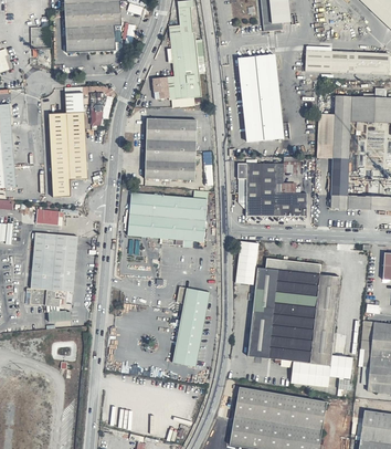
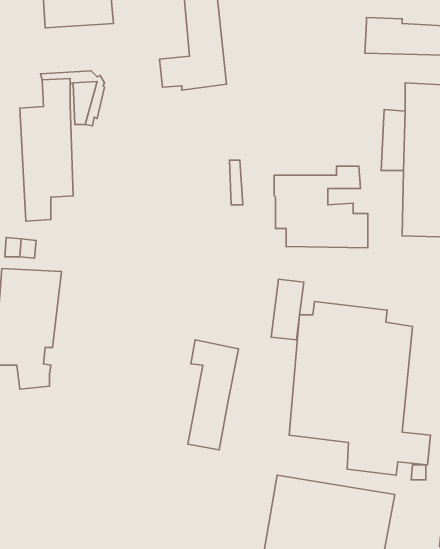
building: [237,52,290,140] -> none
building: [144,117,196,180] -> none
building: [127,191,207,242] -> none

